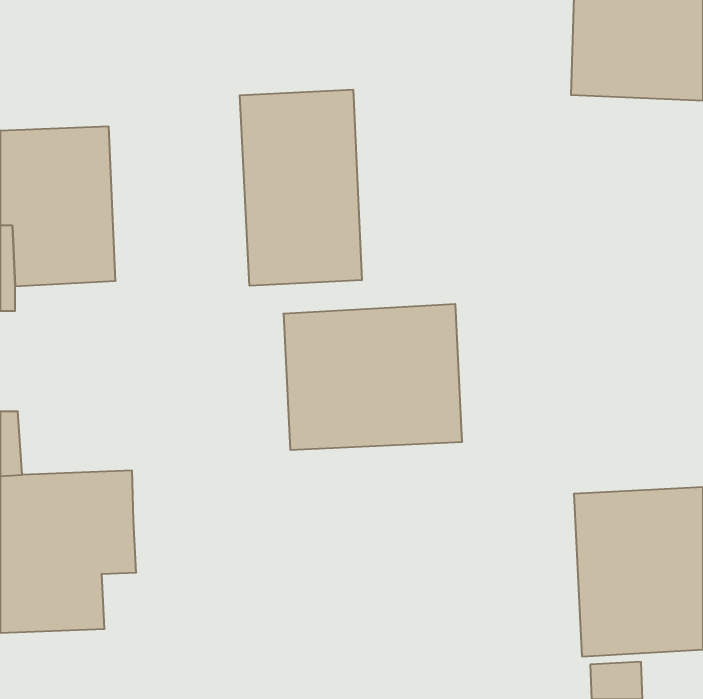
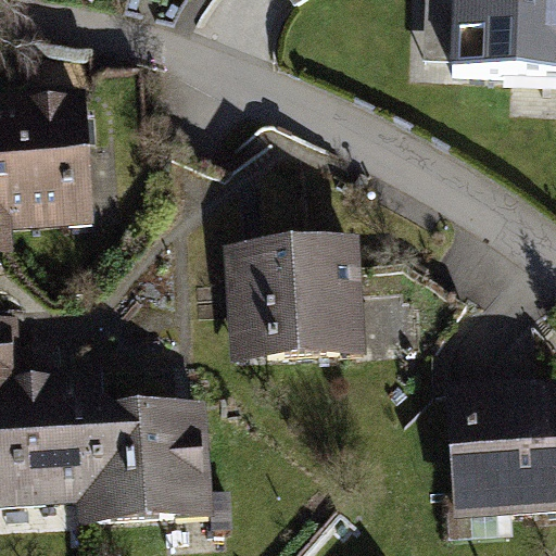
building: [240,90,362,286] -> none
building: none -> [80,405,235,530]

